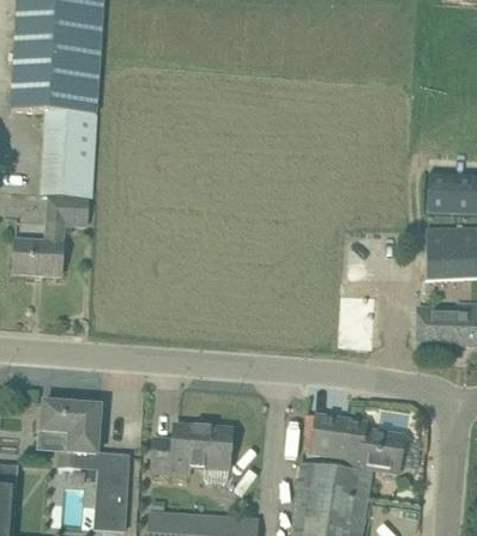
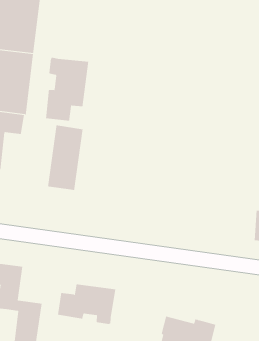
building: none -> [45,57,89,122]
building: none -> [47,125,83,191]
building: [309,415,404,473] -> none

